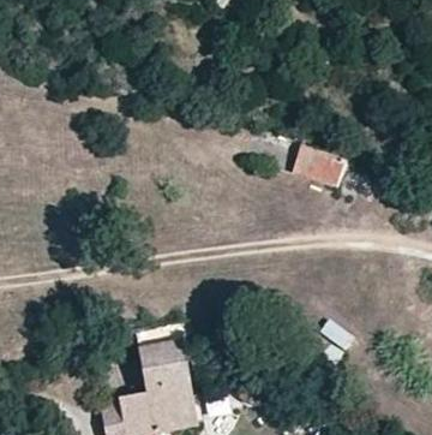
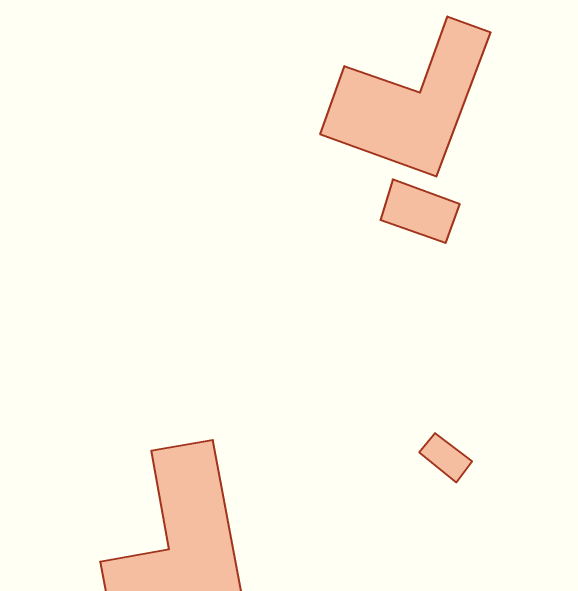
building: none -> [320,16,491,177]

